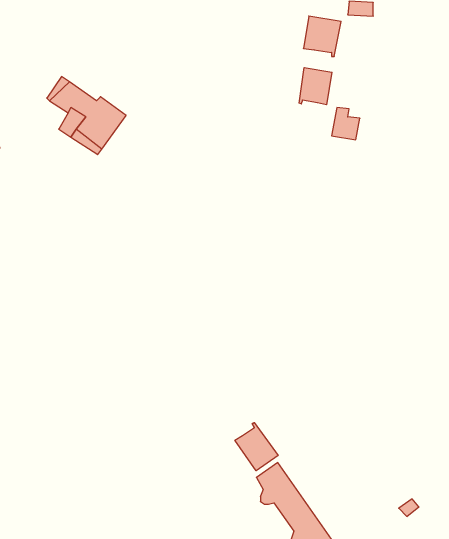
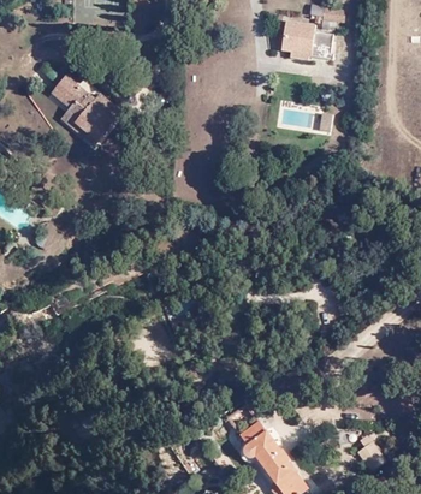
building: [299,68,332,105] -> none
building: [235,423,278,471] -> none

